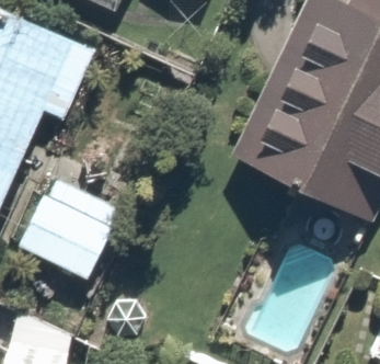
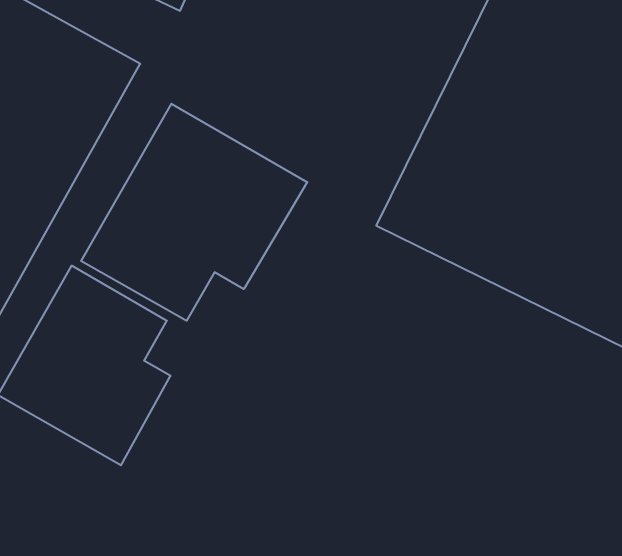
building: none -> [81,104,307,321]

